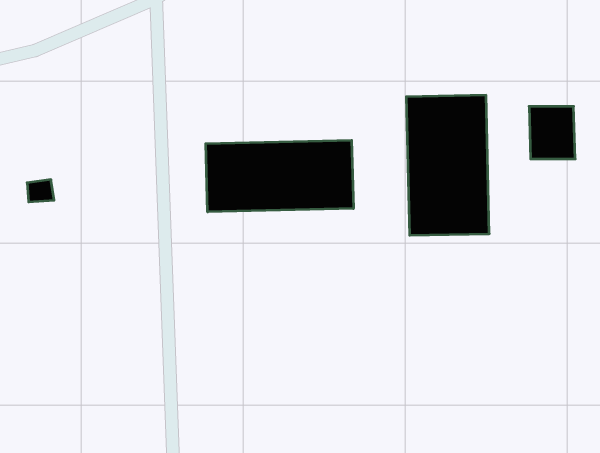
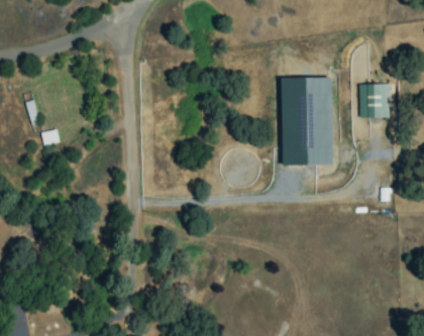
building: [206,140,353,212] -> none

